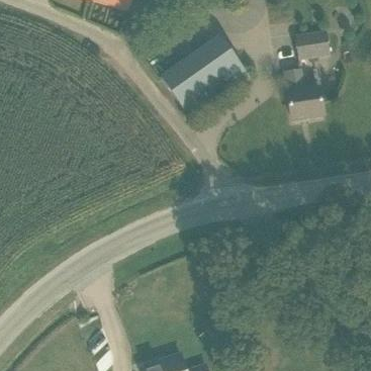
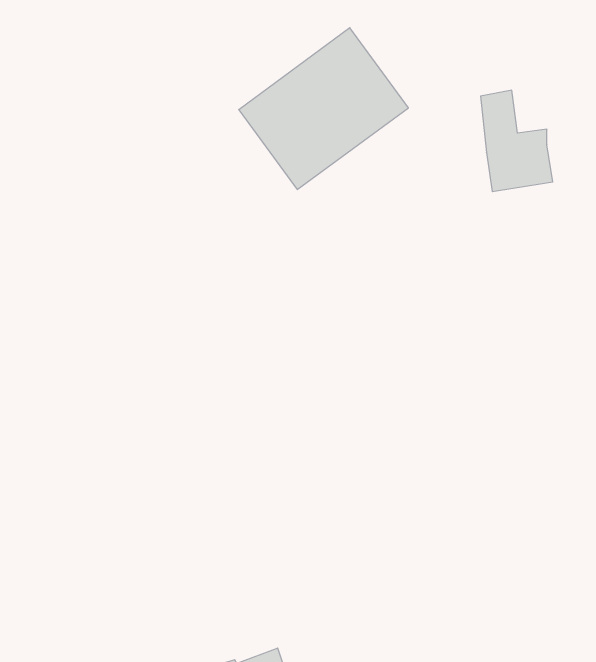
building: [294,29,330,59] -> none

